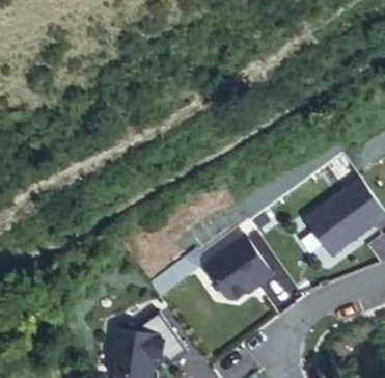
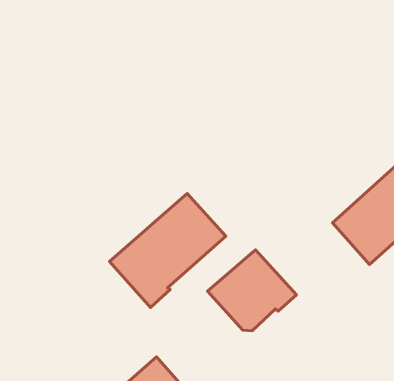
building: none -> [110,193,226,308]

